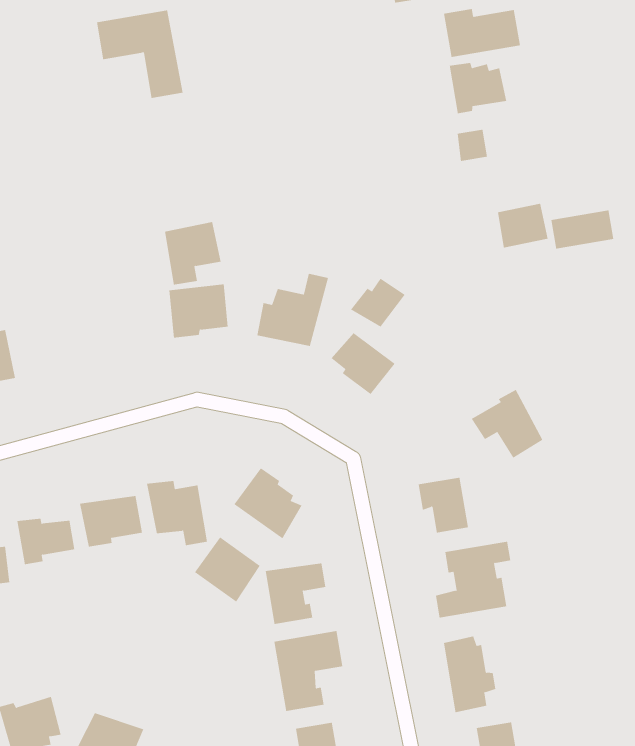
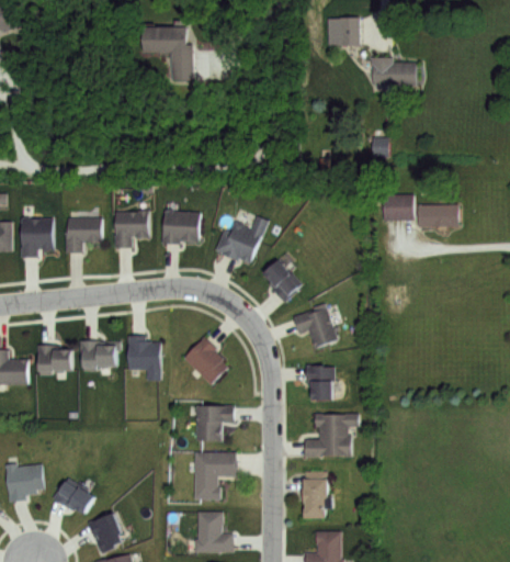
building: [449,62,507,114] -> none
building: [164,221,221,285] -> [114,211,148,248]
building: [350,278,406,327] -> none
building: none -> [64,217,102,252]
building: [471,389,543,459] -> [292,303,337,348]
building: [194,537,261,602] -> none

